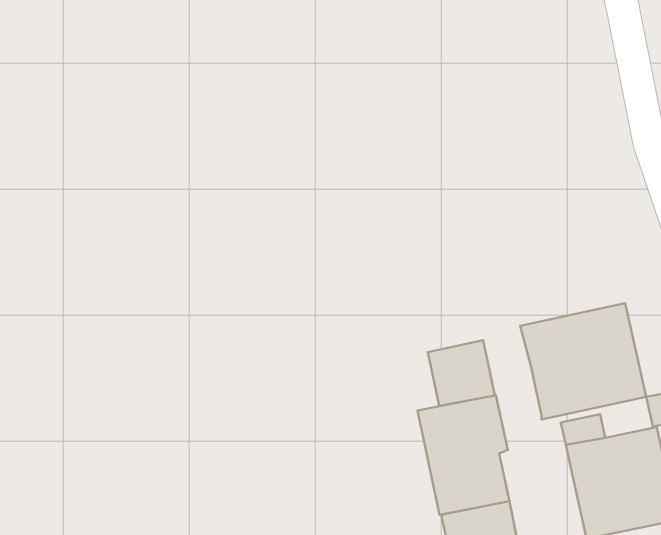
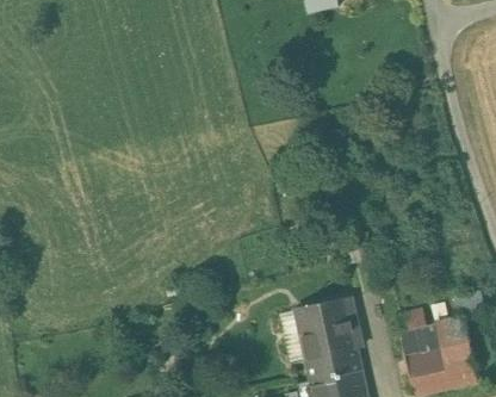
building: [520,303,646,419] -> none
building: [428,340,495,406] -> none

